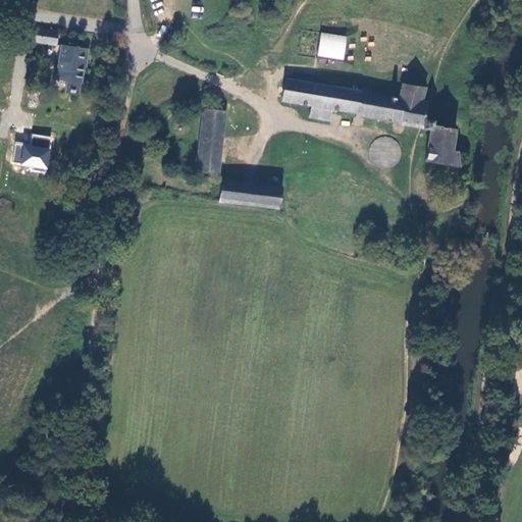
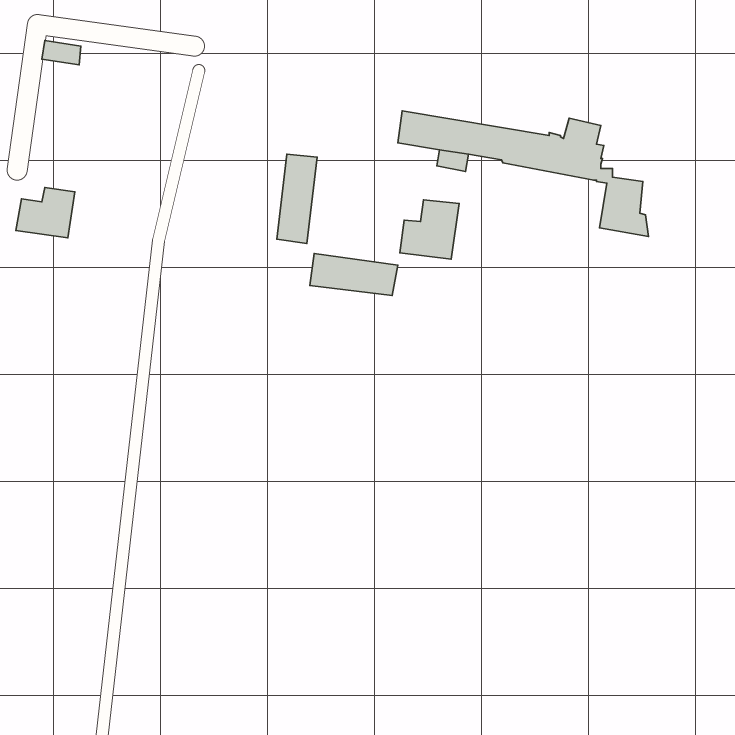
building: [319,32,348,58] -> none
building: [56,46,86,92] -> none
building: none -> [400,200,459,259]

